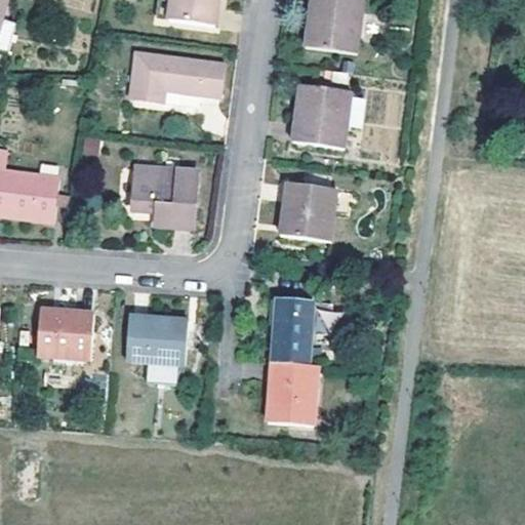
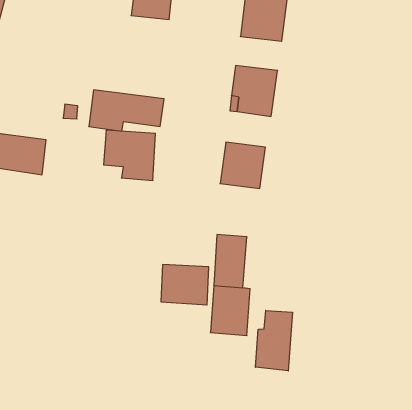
building: [129,51,225,104] -> [89,90,164,131]
building: [37,308,93,359] -> none
building: [126,314,187,365] -> [161,265,209,305]
building: none -> [255,310,292,371]

